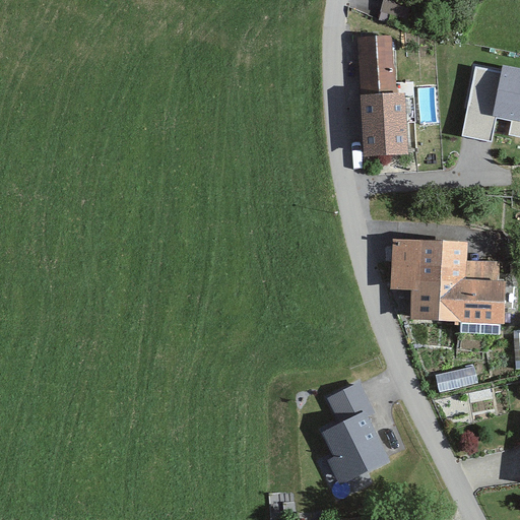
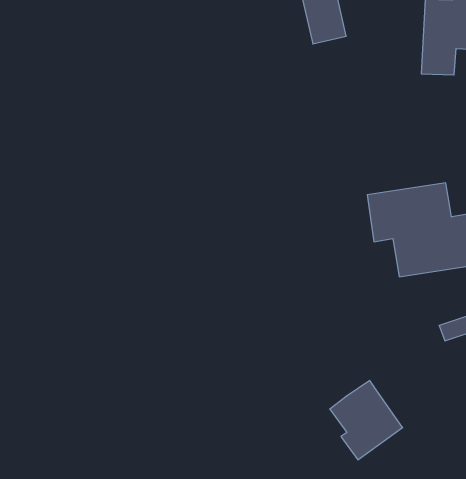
building: [356,96,407,157] -> none
building: [330,383,378,424] -> none

